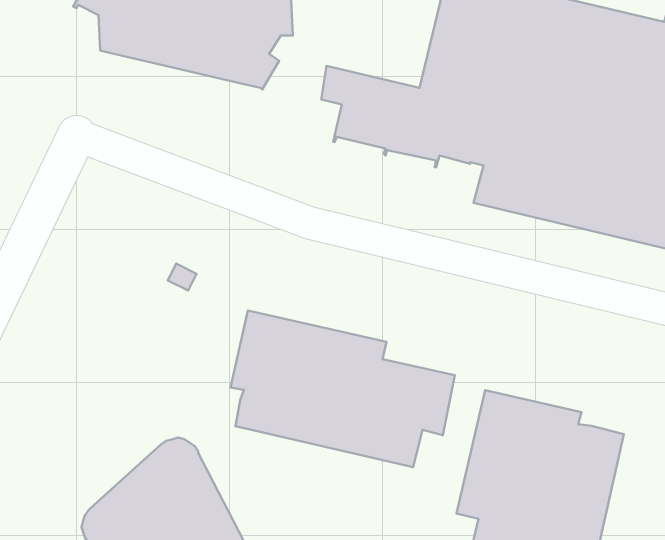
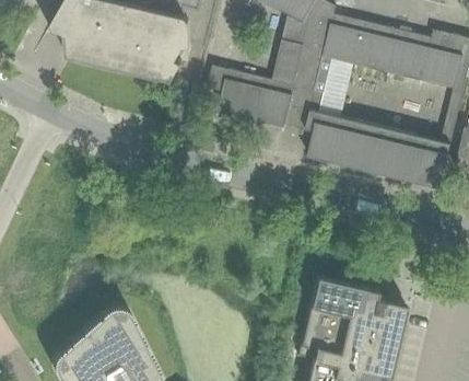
building: [230,311,455,467] -> none

